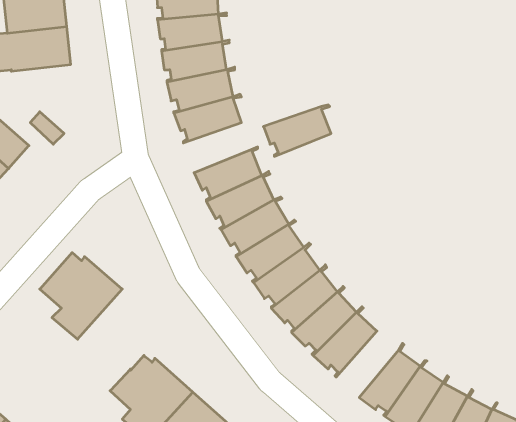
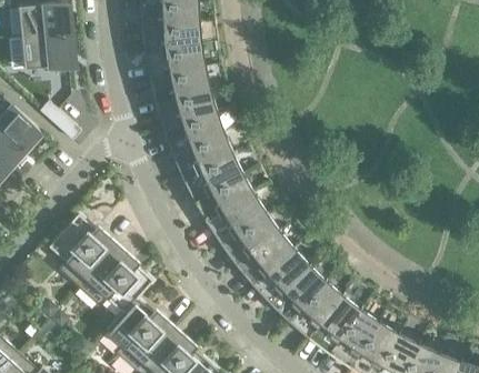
building: [263,105,331,156] -> [167,109,222,151]
building: none -> [80,246,151,313]
building: none -> [292,276,343,335]

